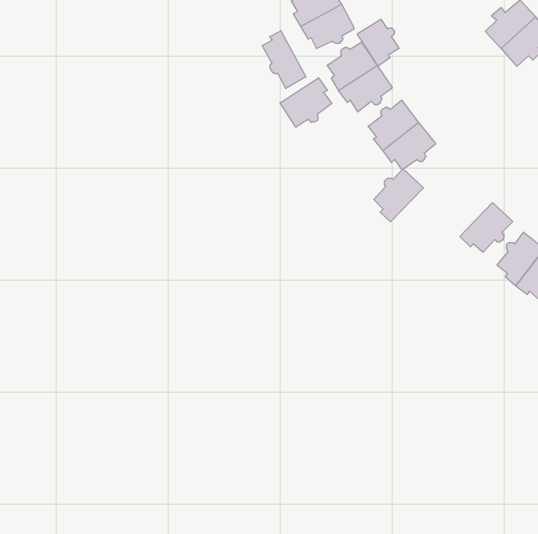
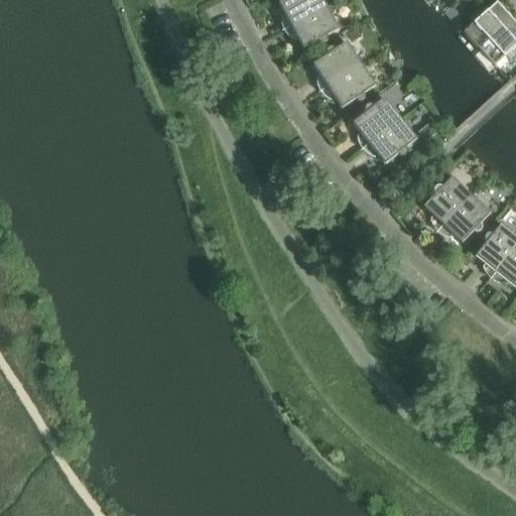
building: [357,19,399,66] -> none
building: [262,31,306,89] -> none
building: [280,78,332,127] -> none
building: [374,169,423,222] -> [424,175,472,226]

